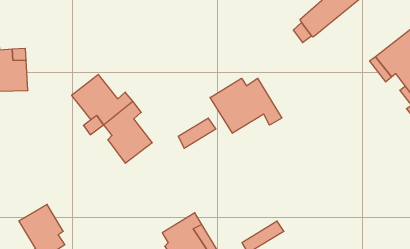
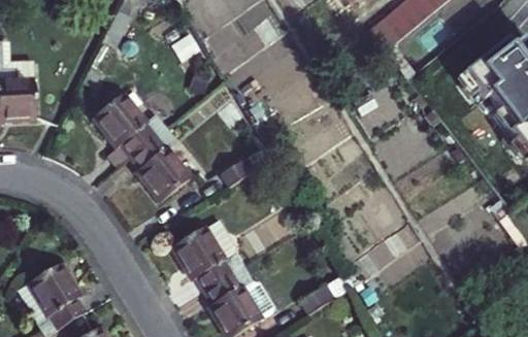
building: [210,78,282,133] -> none
building: none -> [170,218,244,290]

